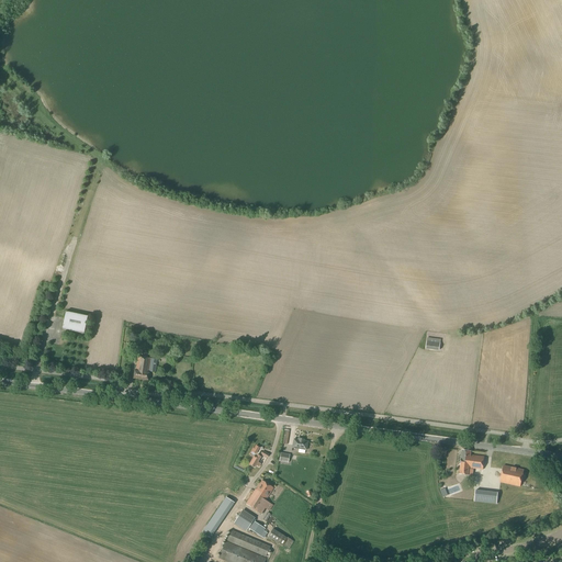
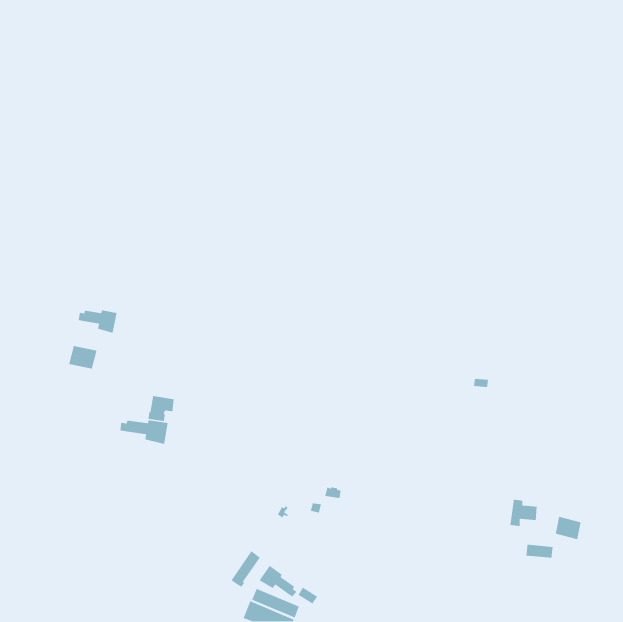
building: none -> [78,310,117,334]
building: none -> [120,420,168,445]
building: [246,480,273,514] -> none

